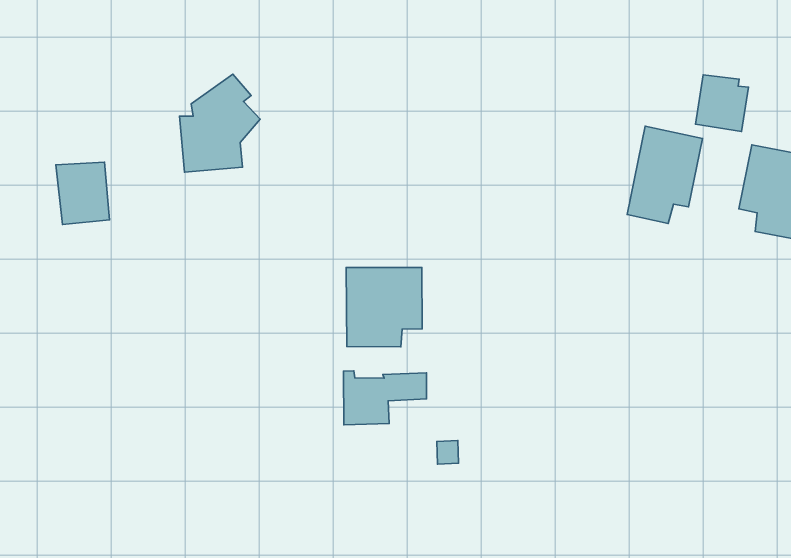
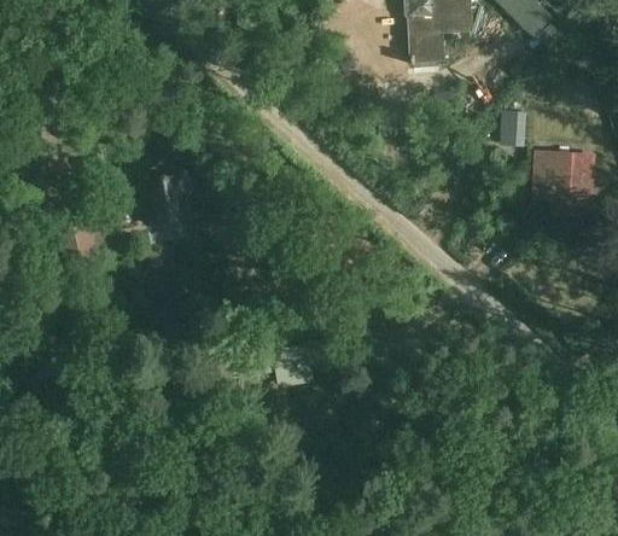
building: [627,126,703,224] -> none
building: [346,267,422,347] -> none

